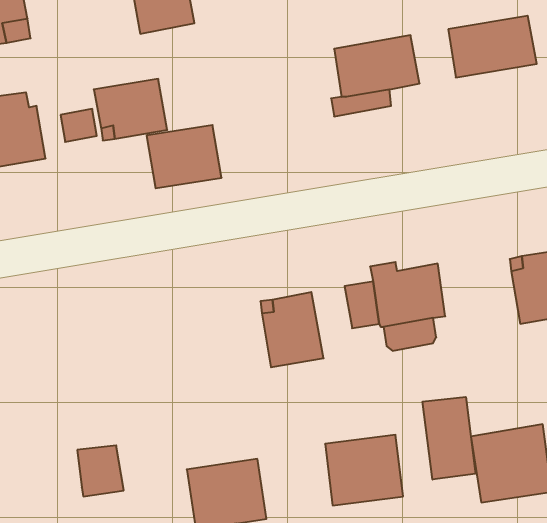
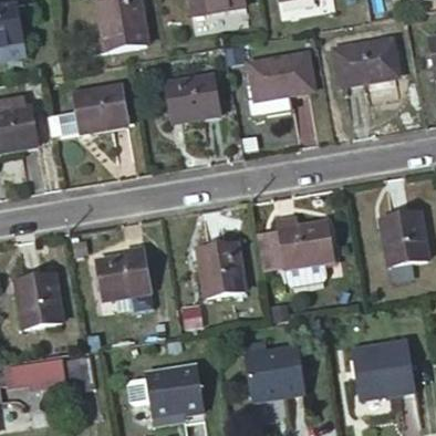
building: [147,125,222,188] -> [166,75,221,122]
building: none -> [96,246,149,300]
building: none -> [17,272,63,328]
building: [423,397,475,480] -> none
building: none -> [11,359,65,393]

